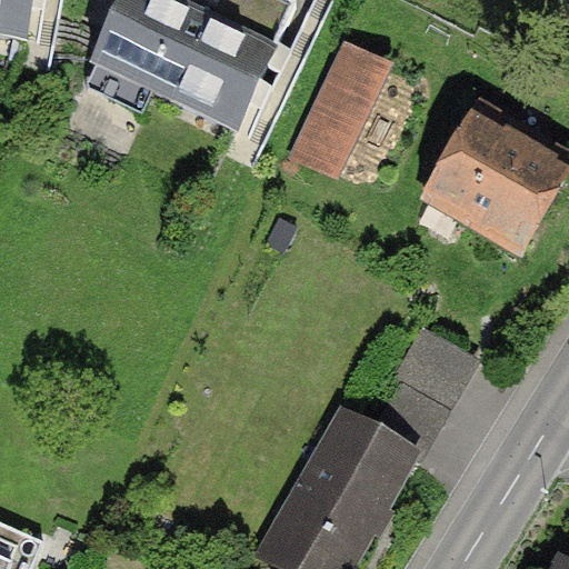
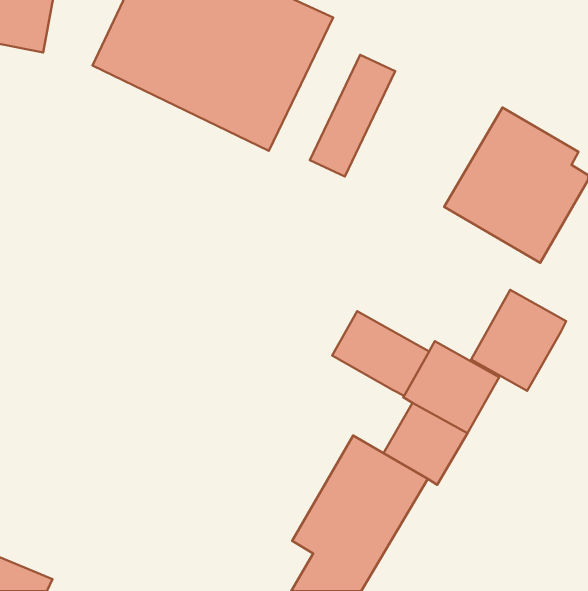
building: none -> [471,290,566,391]
building: none -> [332,311,429,396]

